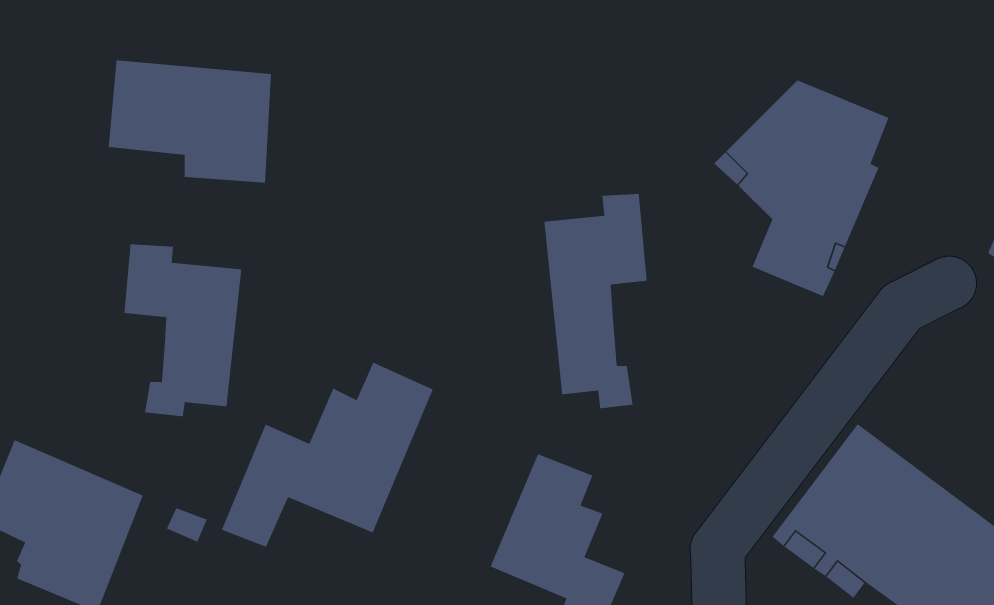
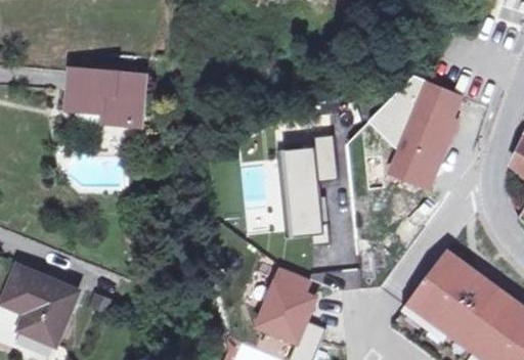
building: [123,244,242,417] -> none
building: [221,362,434,548] -> none

